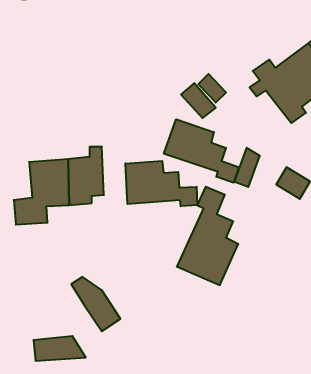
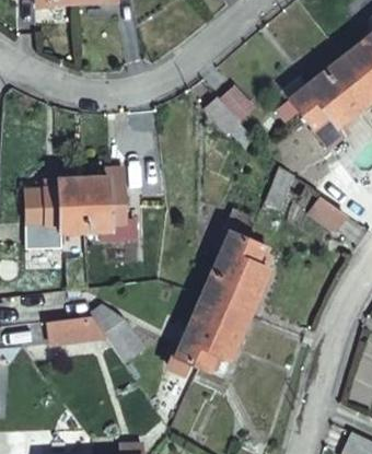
building: [164,119,239,183] -> none
building: [125,161,197,206] -> none
building: none -> [167,293,248,377]
building: [33,336,86,361] -> [48,312,104,338]

